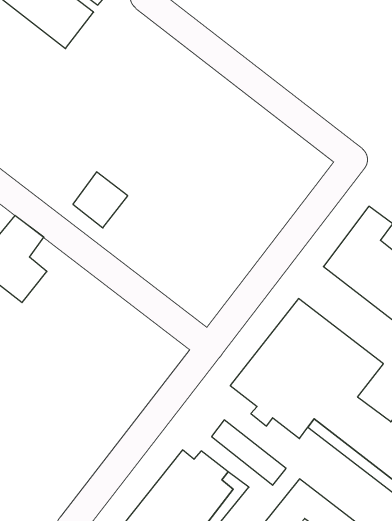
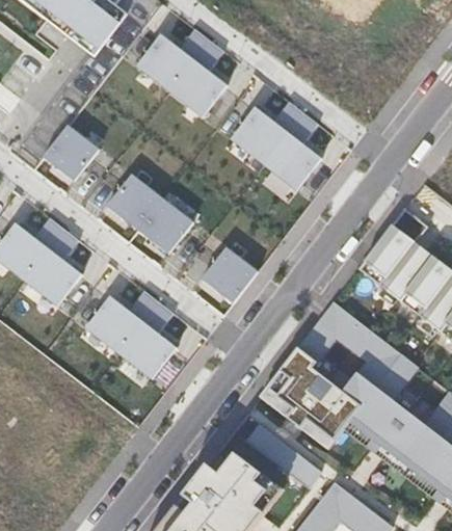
building: none -> [137,29,228,116]
building: none -> [230,104,319,187]
building: none -> [43,127,98,182]
building: none -> [137,198,193,255]
building: none -> [202,247,257,302]
building: none -> [86,291,177,378]

